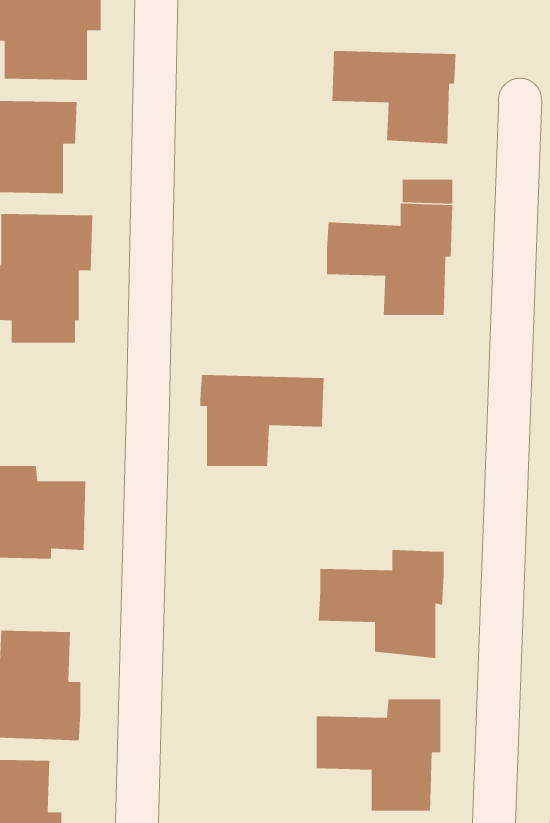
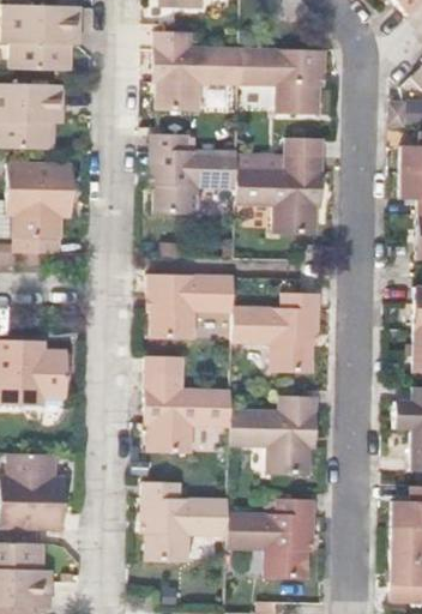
building: none -> [152,29,240,110]
building: none -> [150,133,236,213]
building: none -> [233,293,320,373]
building: none -> [144,373,231,452]
building: none -> [141,482,229,562]

